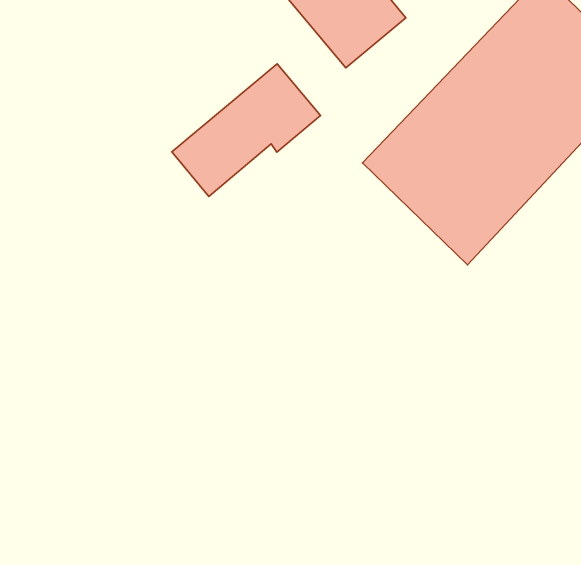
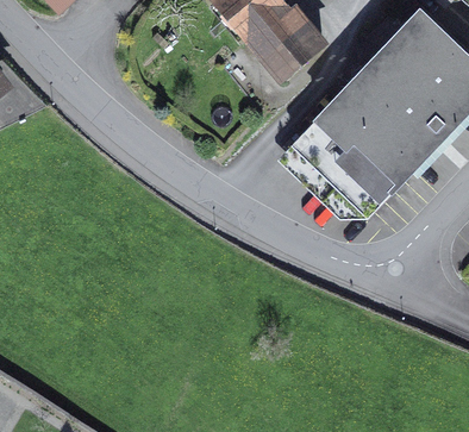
building: [172,64,320,197] -> none

